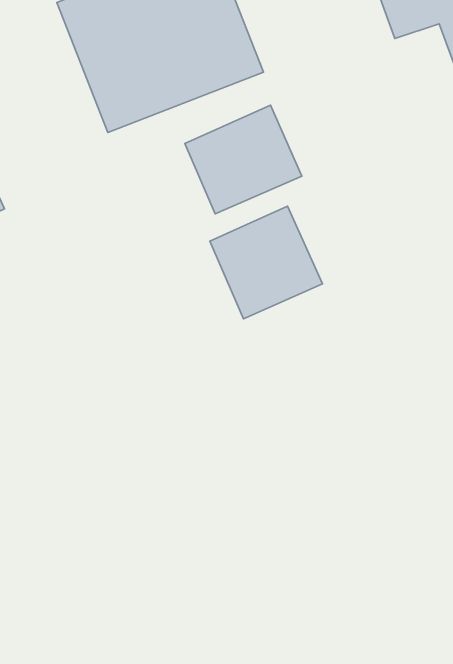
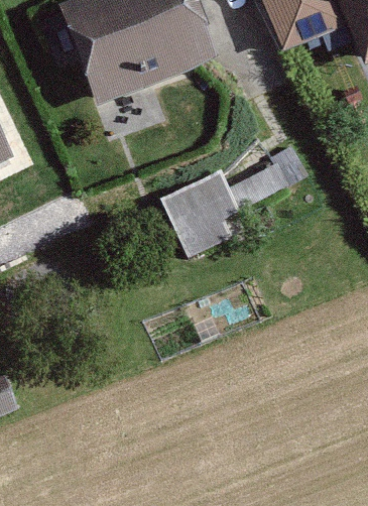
building: [185,105,302,214] -> none

